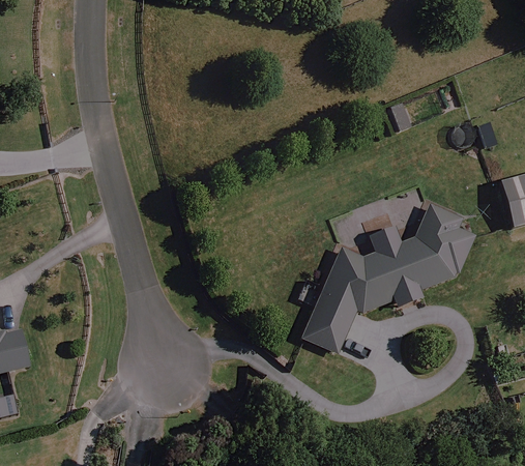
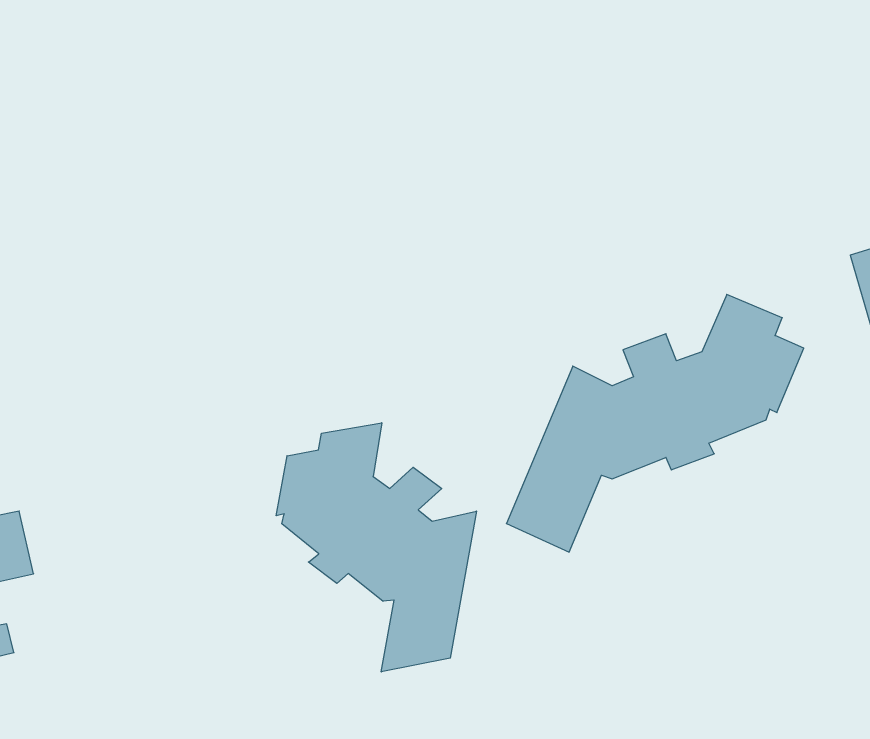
building: none -> [276,423,476,672]

